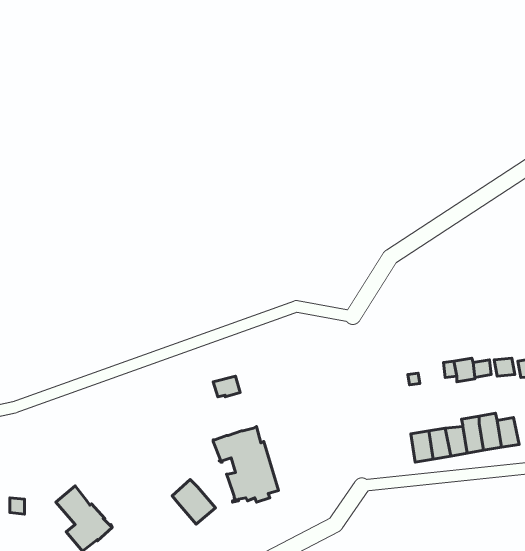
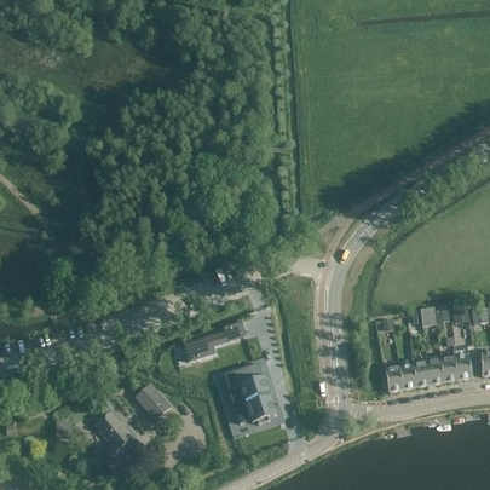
building: none -> [183,334,214,361]
building: [172,480,215,524] -> [136,382,171,419]

